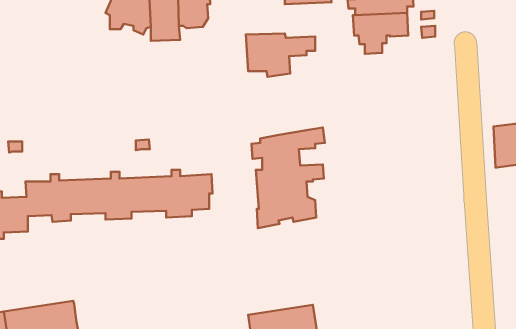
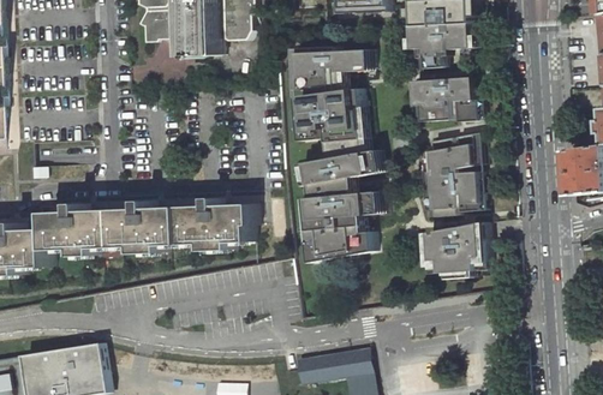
building: none -> [414,78,476,122]
building: none -> [294,88,362,158]
building: none -> [423,132,478,215]
building: none -> [423,220,485,271]

